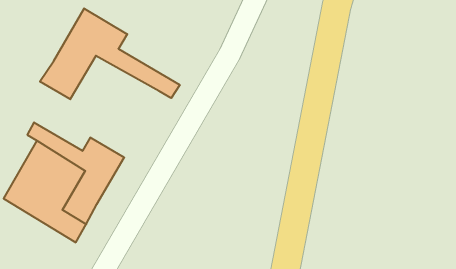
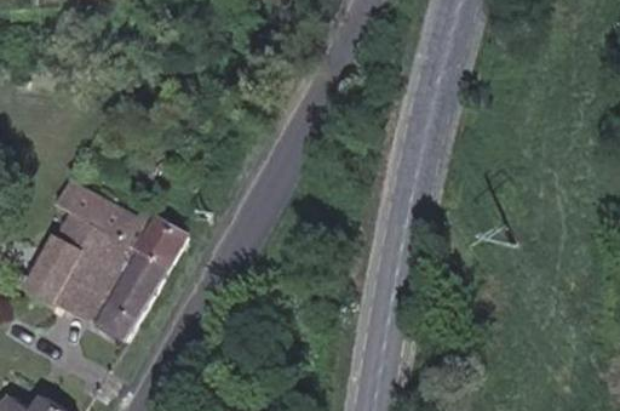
building: [40,8,180,99] -> none

